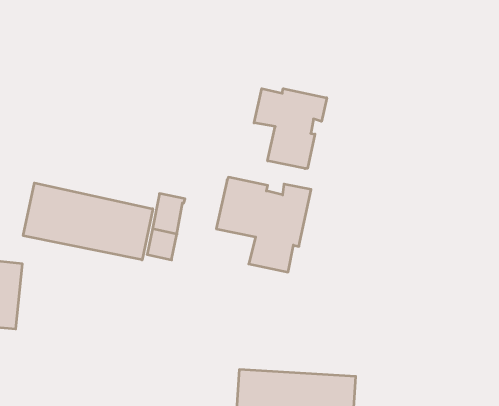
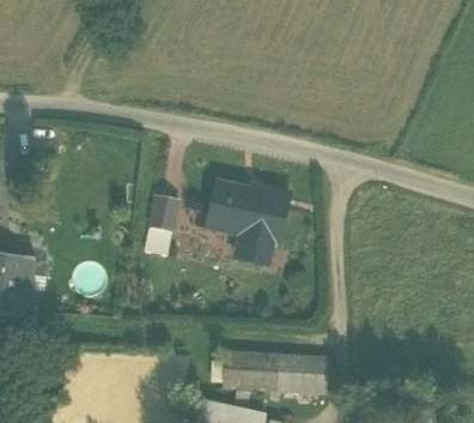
building: [254,89,327,169] -> none
building: [23,183,153,260] -> none

